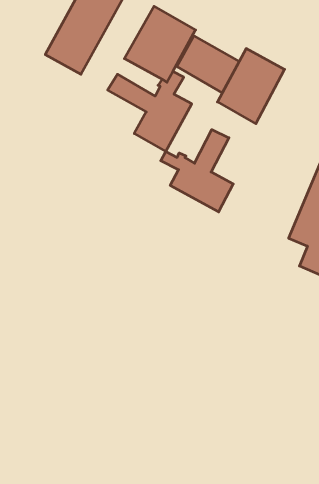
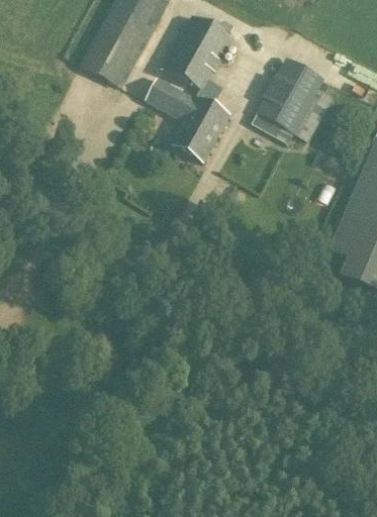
building: [177,36,239,93] -> none
building: [161,130,233,212] -> none

